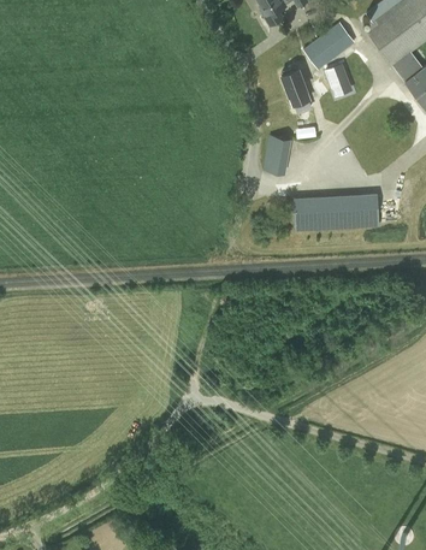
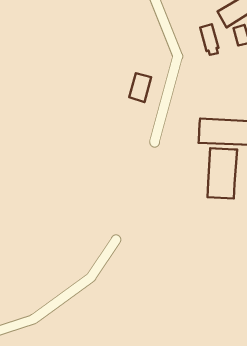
building: [264,136,291,175] -> [129,73,151,102]
building: none -> [207,148,237,198]

